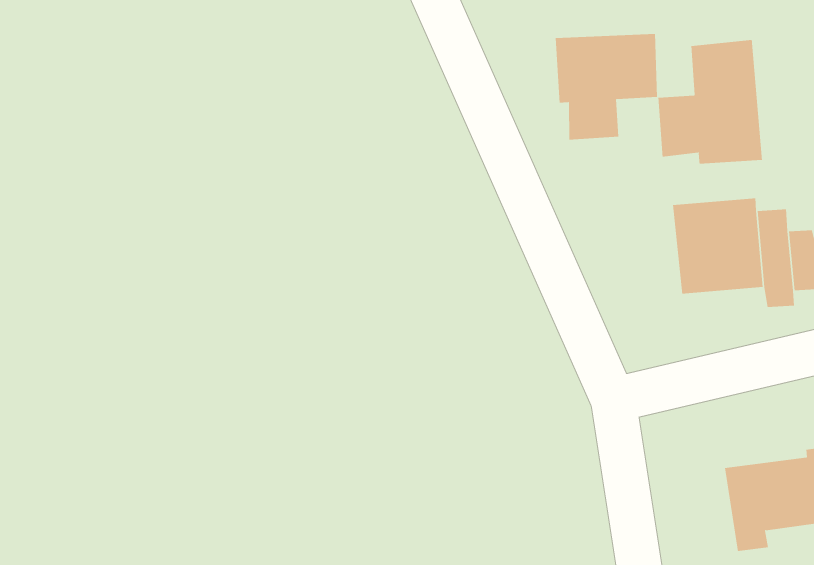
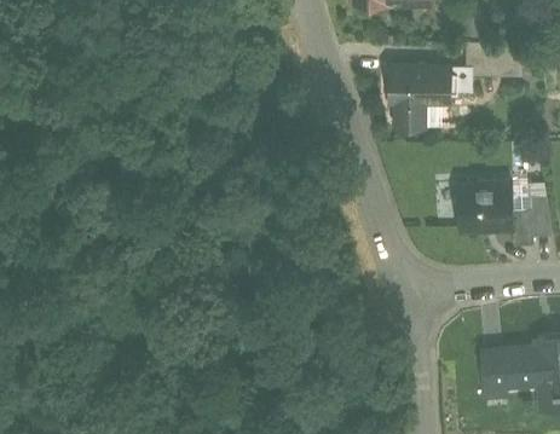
building: [658,39,763,164] -> none

